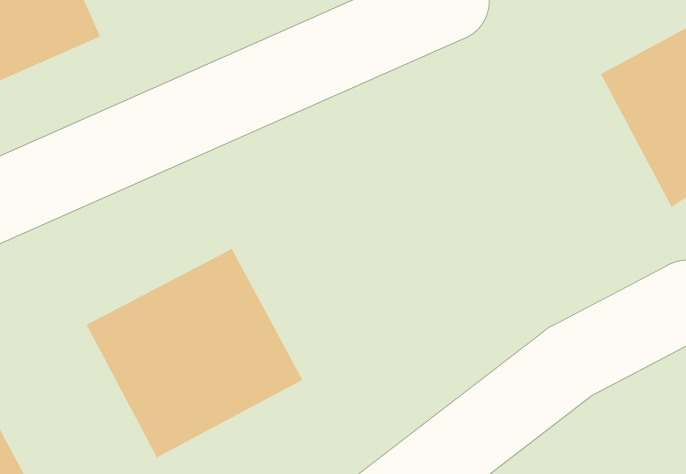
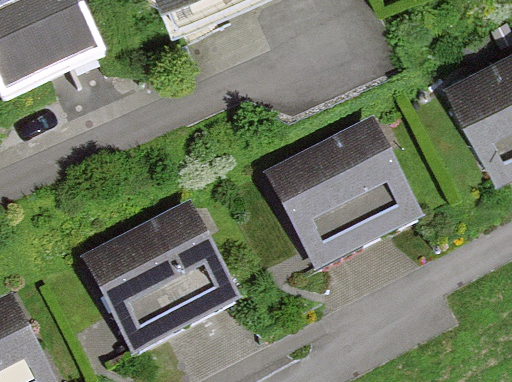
building: none -> [268,120,421,268]

